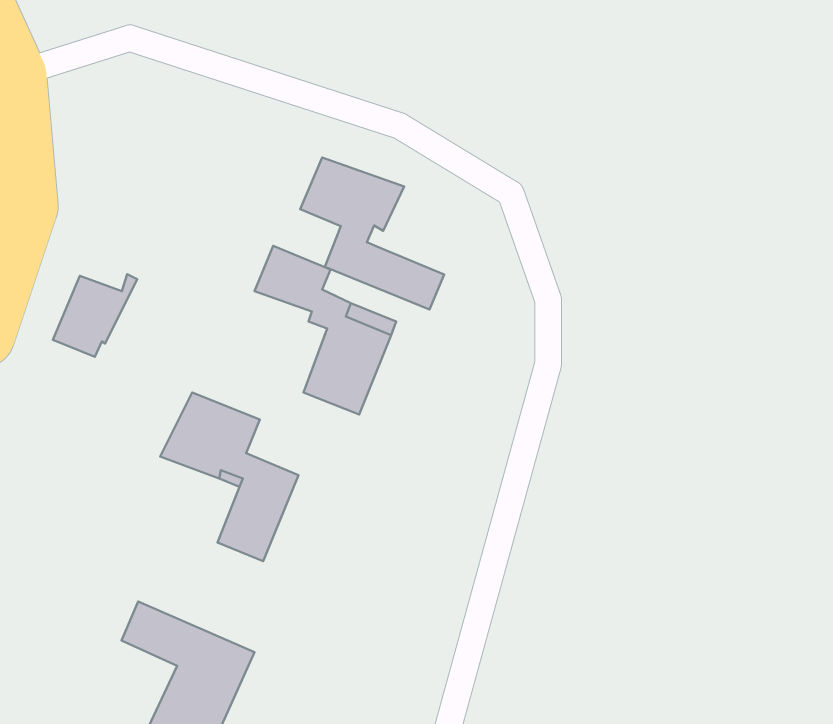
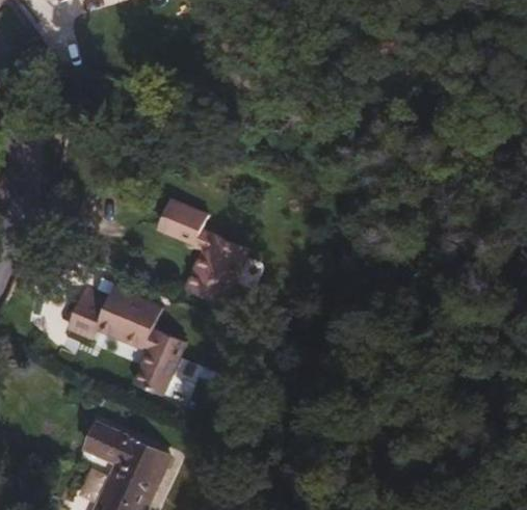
building: [300,158,444,310] -> none
building: [53,274,137,357] -> [70,289,122,340]

